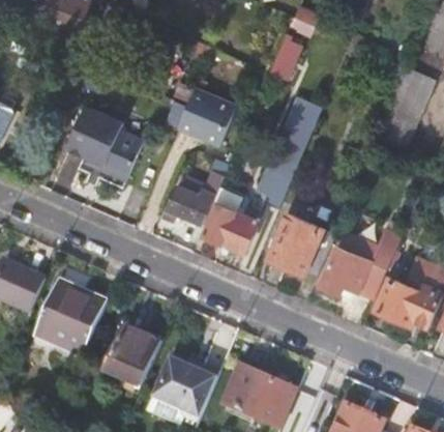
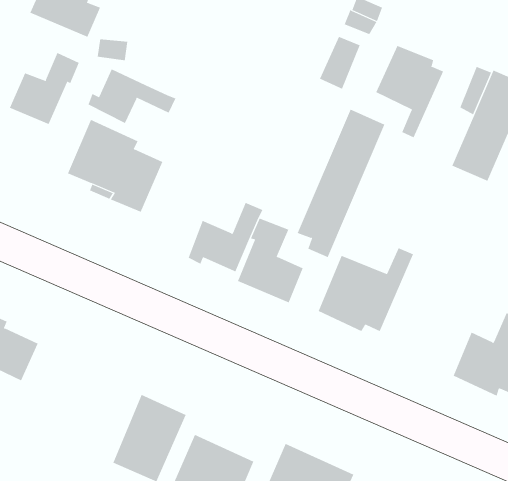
building: none -> [375,45,444,138]
building: none -> [9,52,79,125]
building: none -> [88,69,176,124]
building: [176,87,235,145] -> none
building: [318,228,399,296] -> none
building: [34,280,107,357] -> none

